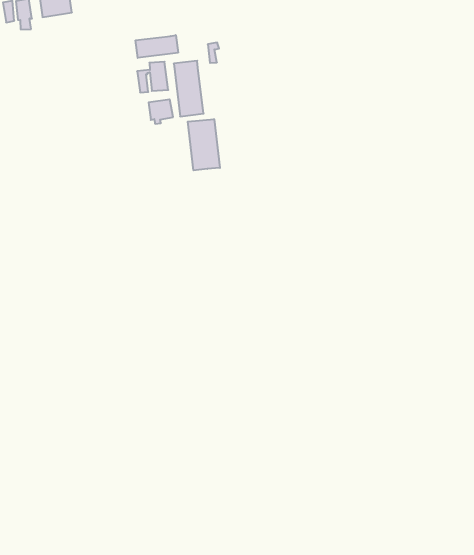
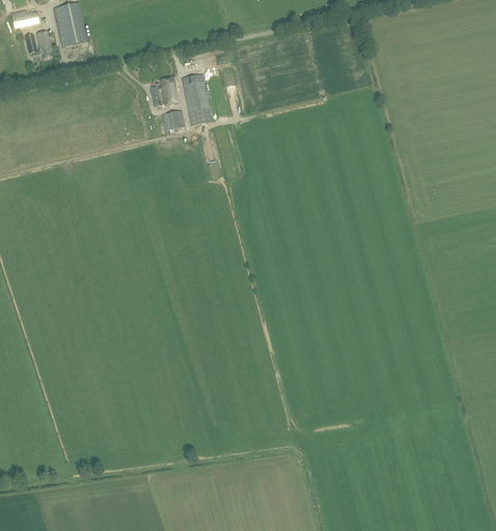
building: [136,35,178,58] -> none
building: [188,119,220,170] -> none

